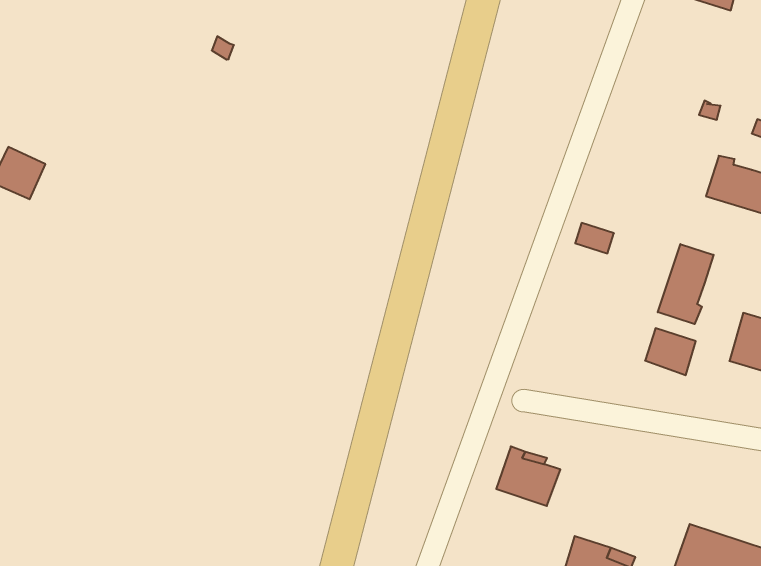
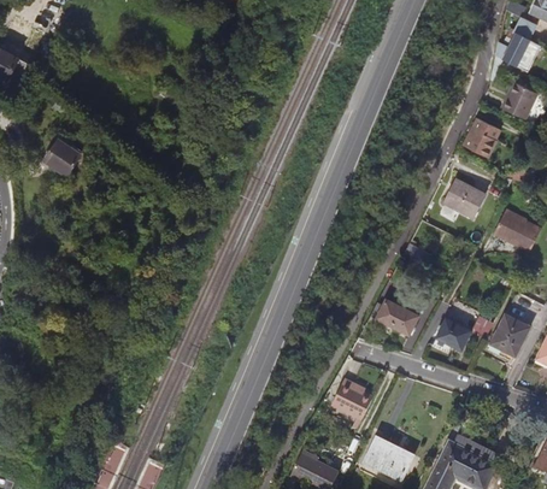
building: none -> [461,119,499,160]
building: none -> [443,181,484,217]
building: [658,244,714,324] -> none
building: none -> [378,297,419,334]

